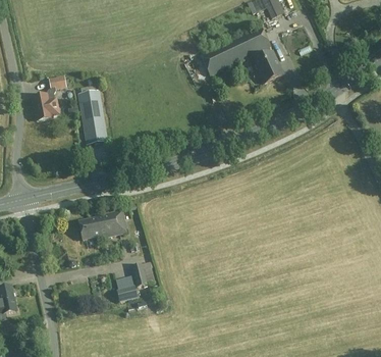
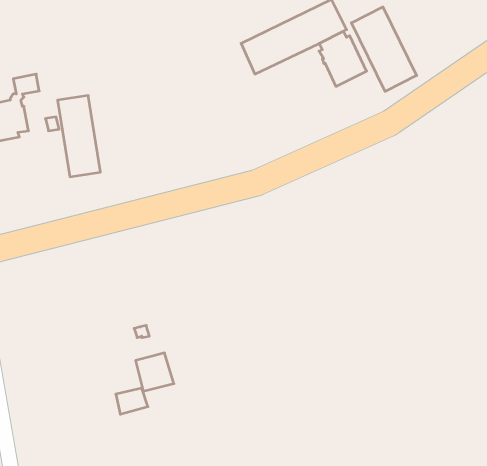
building: none -> [351,7,417,91]
building: [77,210,126,240] -> none

